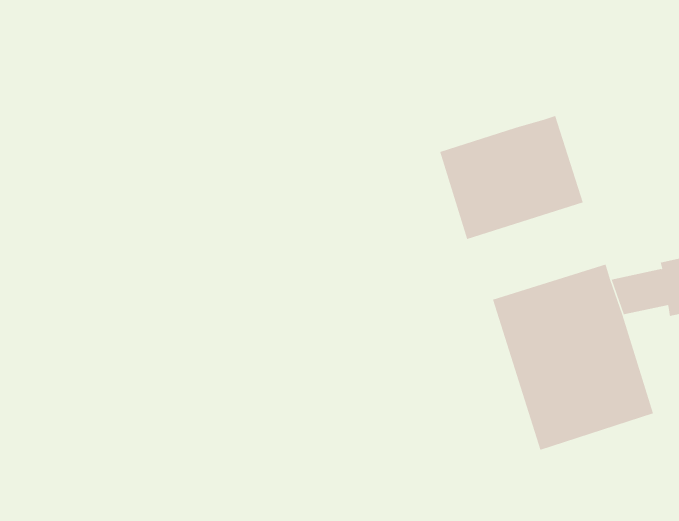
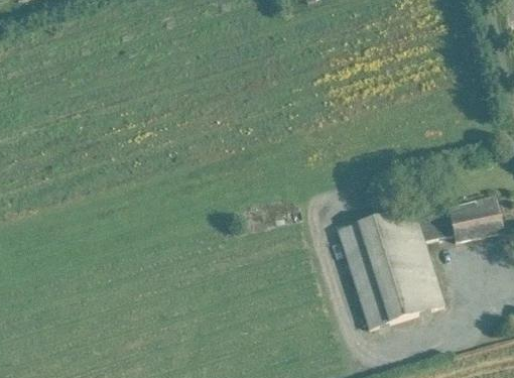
building: [440,115,584,240] -> none

